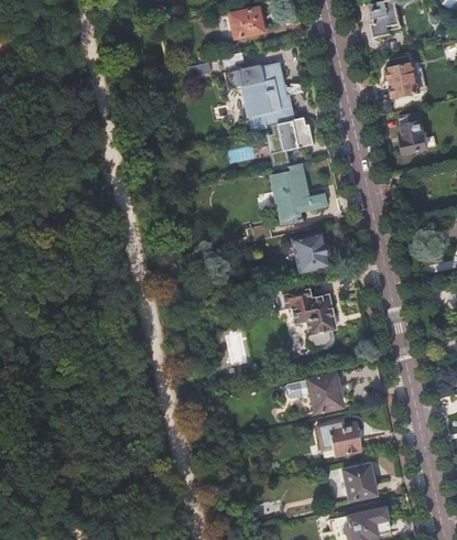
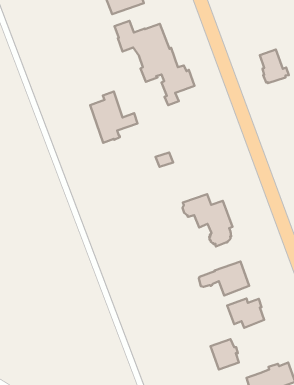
building: [387,63,420,97] -> none
building: [270,162,326,225] -> [90,91,137,143]
building: [291,234,328,271] -> none
building: [341,464,374,500] -> [210,339,239,370]

